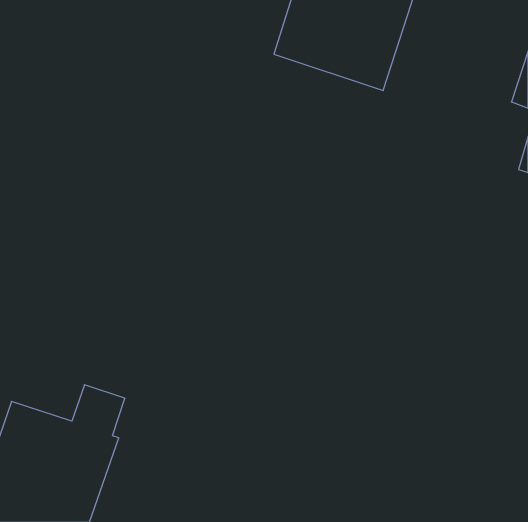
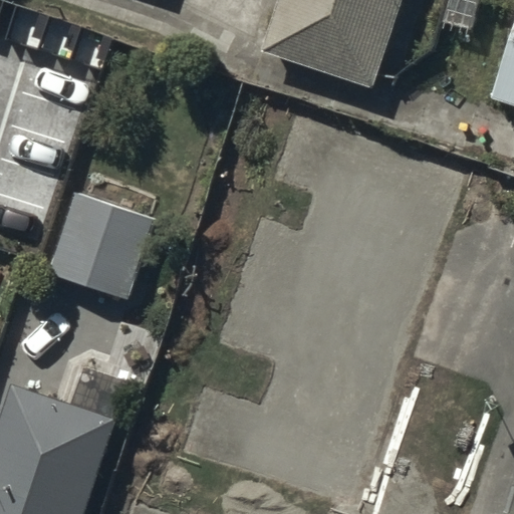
building: none -> [54,198,149,296]

